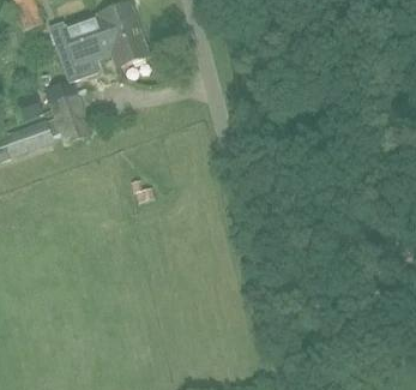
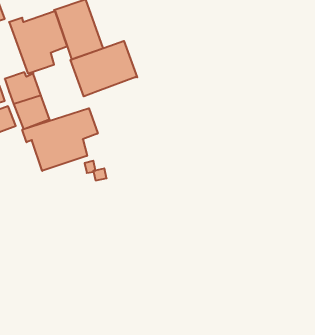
building: none -> [70,41,137,96]
building: none -> [22,108,98,171]

